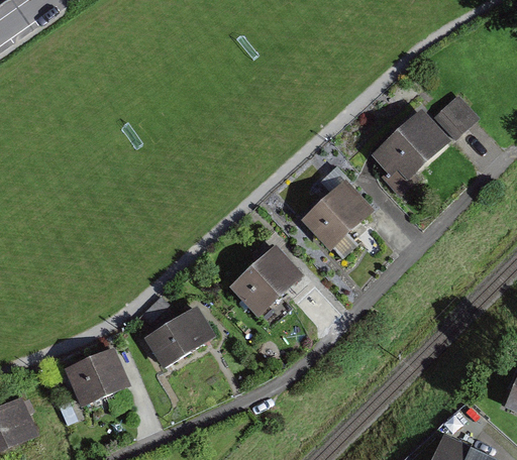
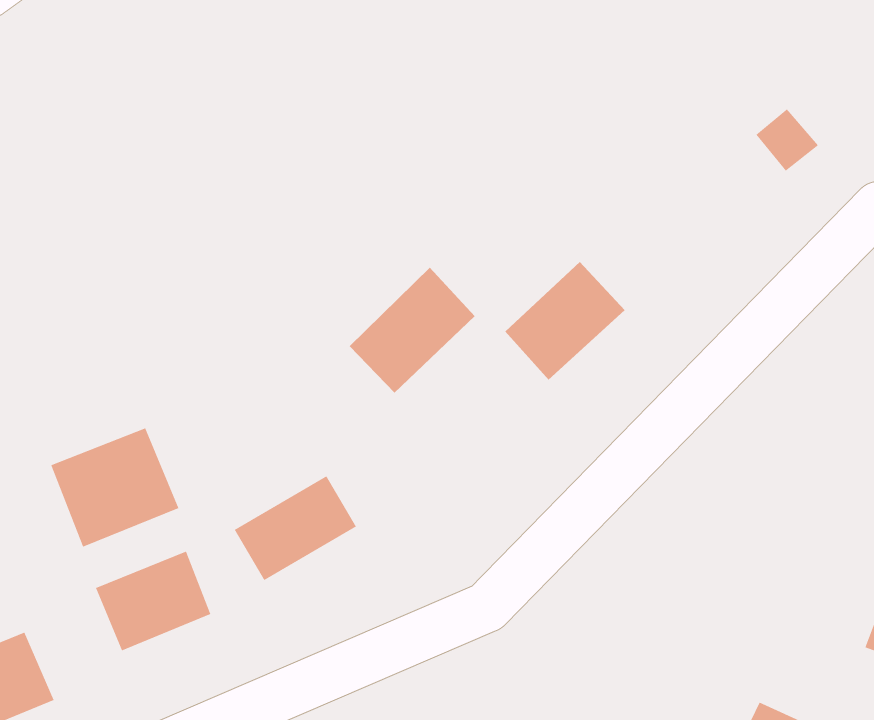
building: [375,110,450,191] -> none
building: [228,243,301,316] -> [349,267,475,393]
building: none -> [50,427,179,548]

